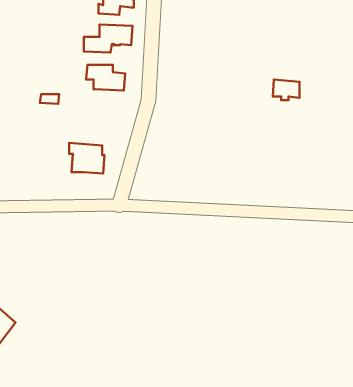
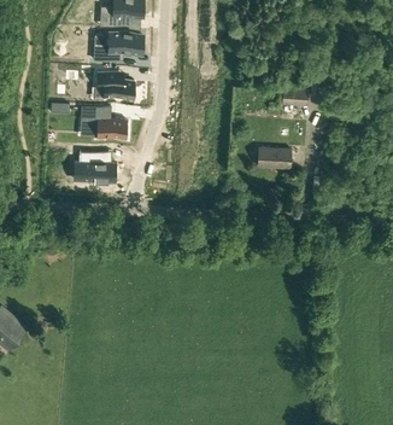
building: none -> [81,106,127,140]
building: none -> [257,147,291,168]

